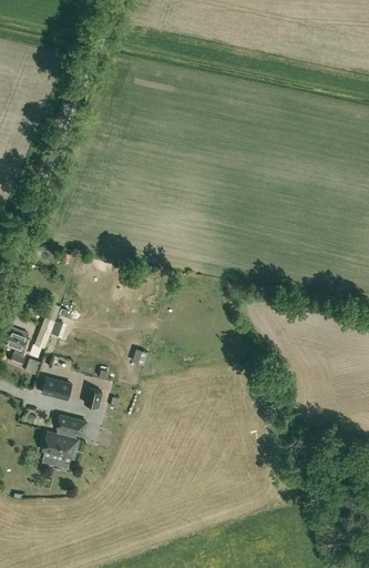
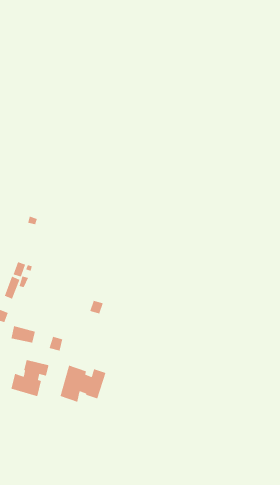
building: none -> [60,365,107,403]

